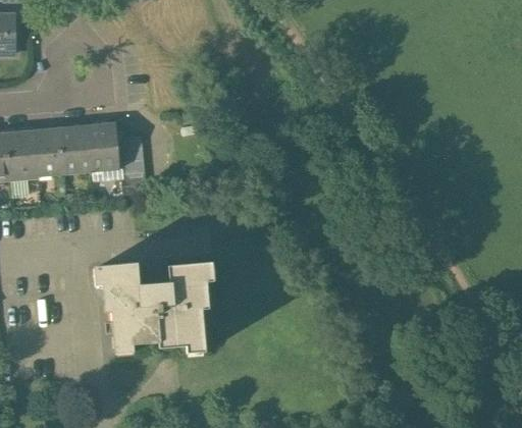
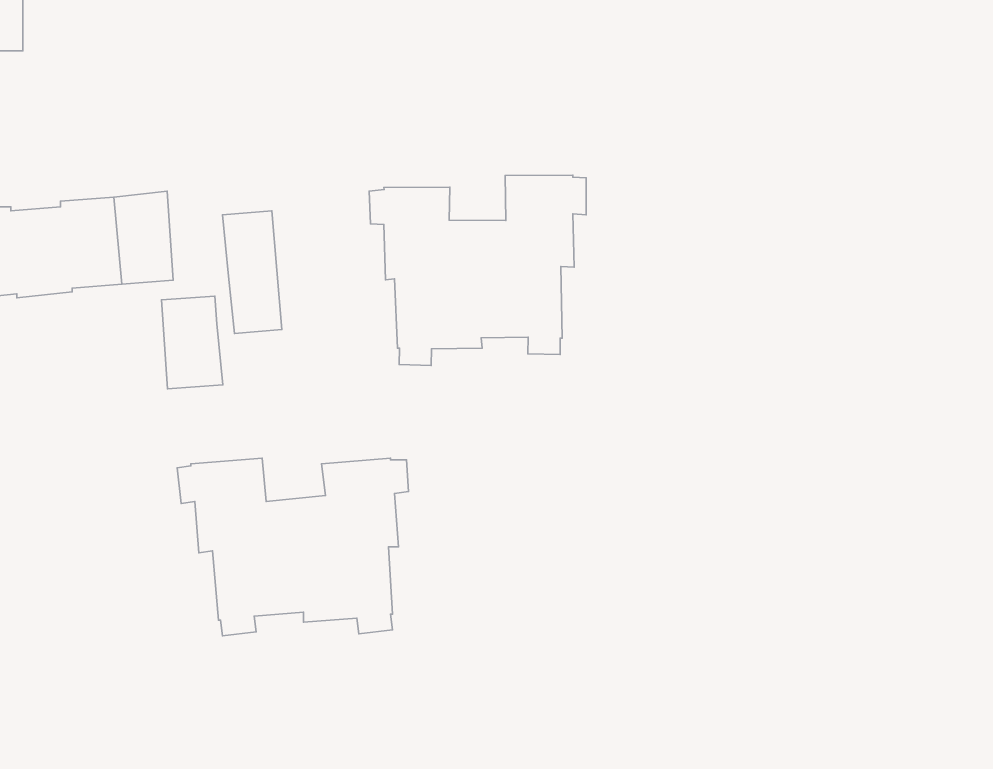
building: none -> [369,175,586,365]
building: [89,123,120,171] -> [161,296,223,389]

